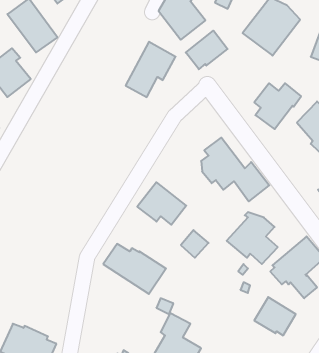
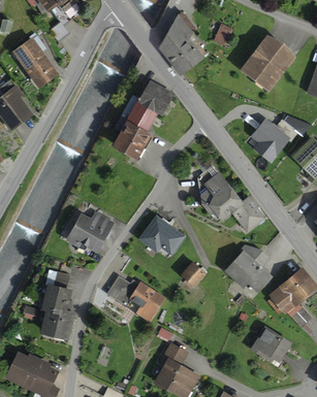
building: [186,31,228,69] -> none
building: none -> [110,121,151,162]
building: none -> [65,211,115,254]
building: none -> [39,269,74,340]

